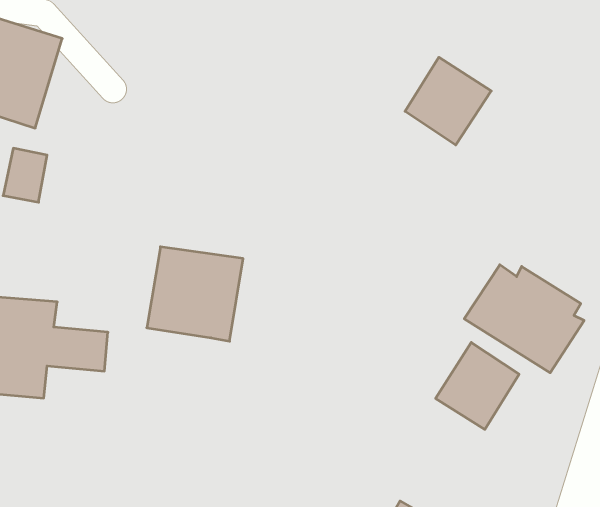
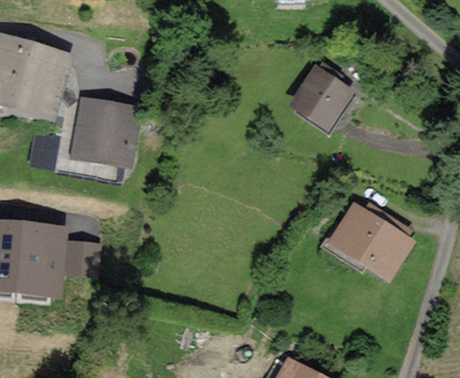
building: [147,247,243,341] -> [73,102,136,164]
building: [436,342,519,429] -> none

